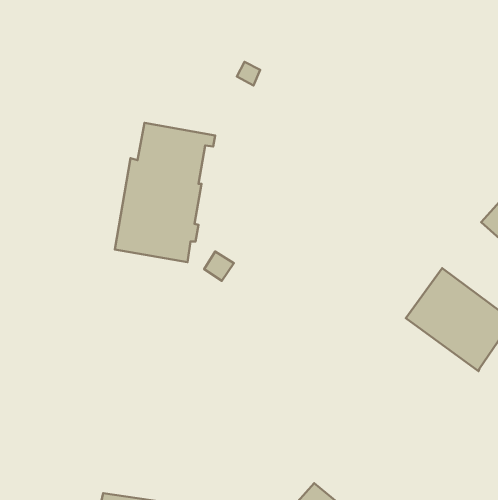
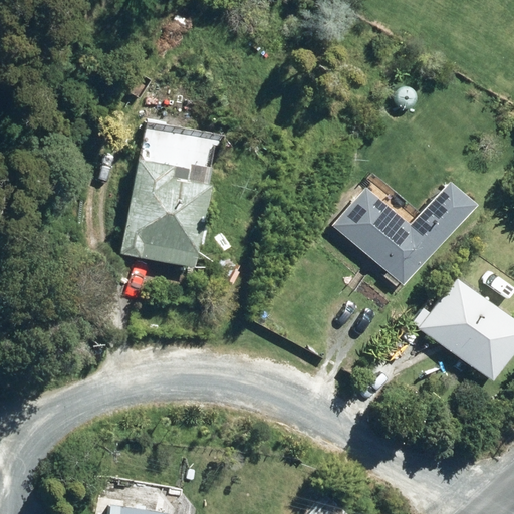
building: none -> [332,179,474,285]

